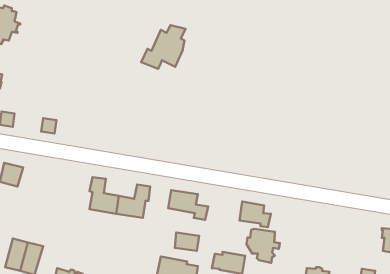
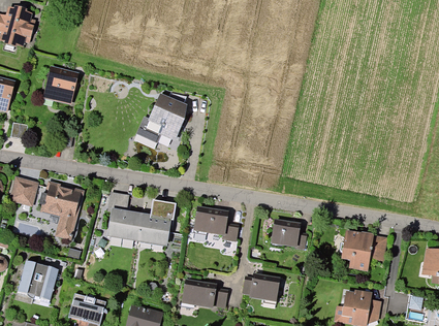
building: [141,25,186,69] -> [137,93,186,140]
building: none -> [44,68,76,102]
building: none -> [42,184,81,237]
building: [247,229,280,263] -> [340,233,376,270]
building: [175,233,199,251] -> none

